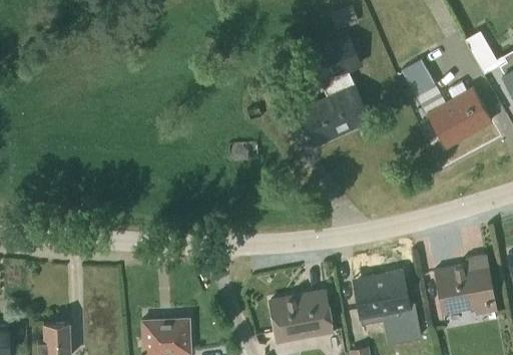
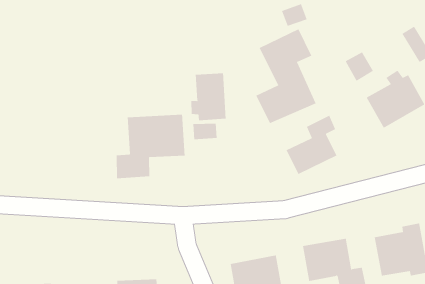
building: none -> [191,72,226,121]
building: none -> [116,114,185,179]
building: none -> [286,115,337,175]

